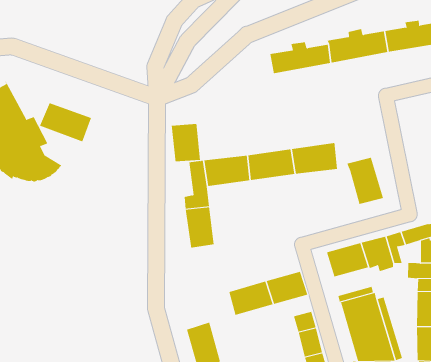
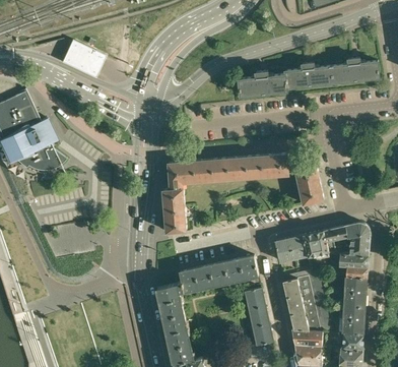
building: [39,102,92,142] -> [62,46,105,79]
building: [171,123,201,162] -> none
building: none -> [157,268,197,297]

